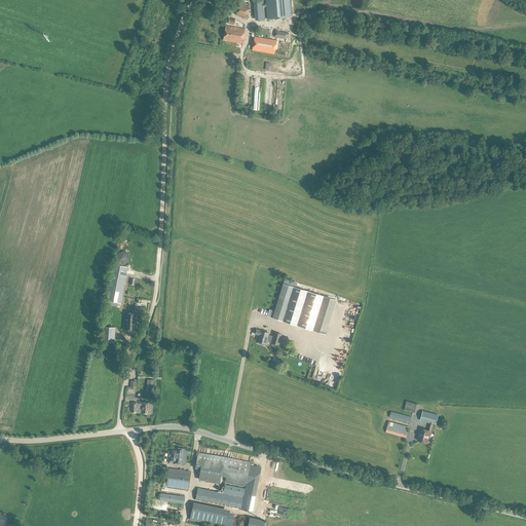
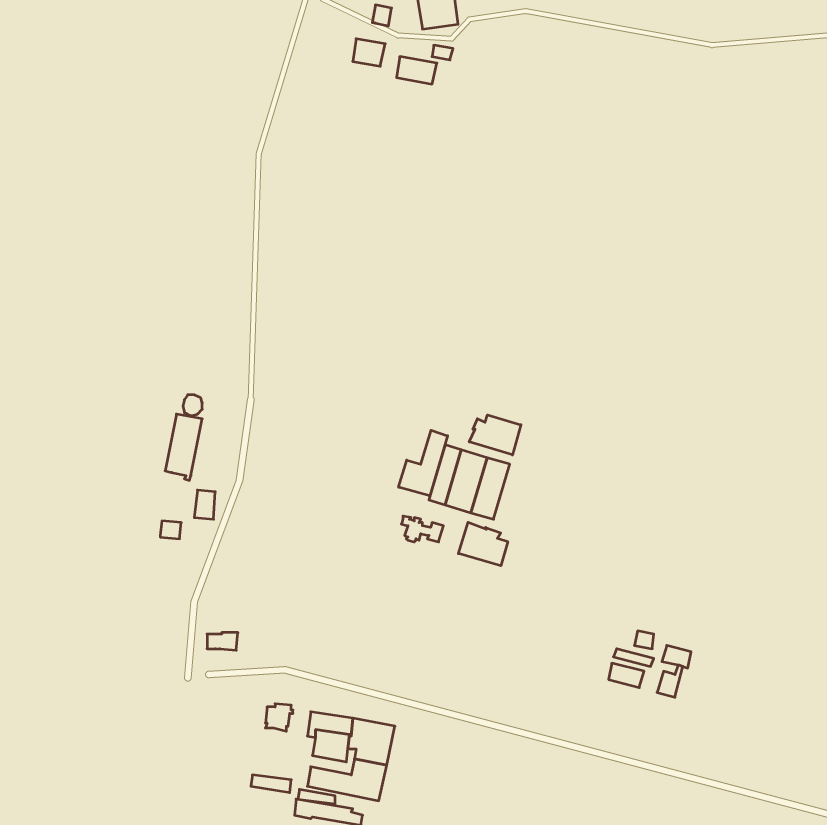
building: none -> [469,415,521,455]
building: none -> [399,430,448,496]
building: none -> [458,522,508,566]
building: [165,467,191,489] -> none

